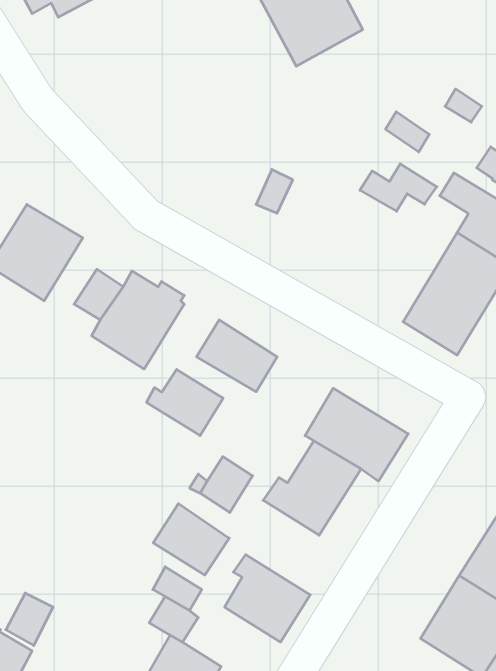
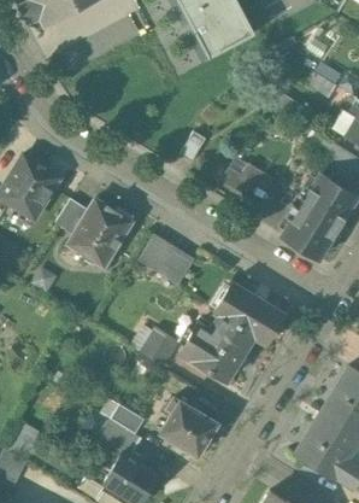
building: [360,164,437,211] -> [220,163,273,195]
building: [147,369,223,436] -> none
building: [153,504,229,575] -> none

